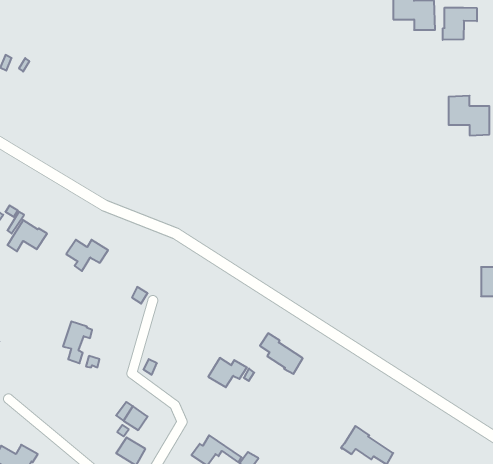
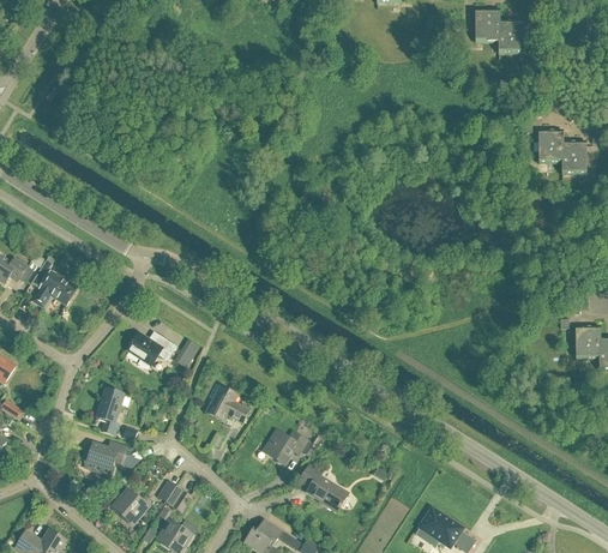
building: [443,8,477,40] -> none
building: [66,240,108,271] -> [128,333,176,369]
building: none -> [205,384,249,423]
building: [260,333,303,374] -> [299,464,348,511]
building: none -> [85,441,126,474]
building: none -> [113,488,148,522]

